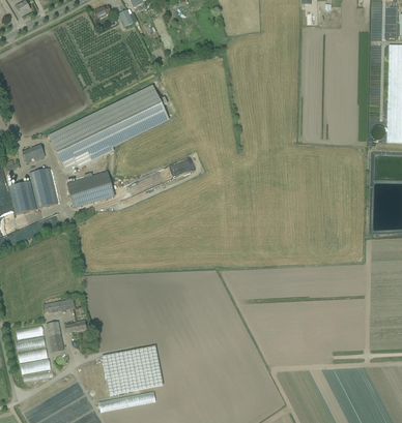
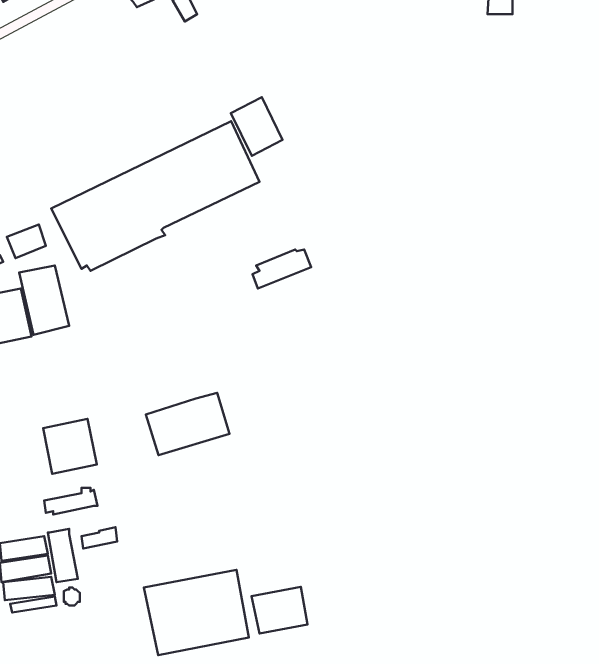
building: none -> [231,97,283,156]
building: [66,171,115,207] -> [146,393,230,455]
building: none -> [43,419,97,474]
building: none -> [251,587,307,633]

